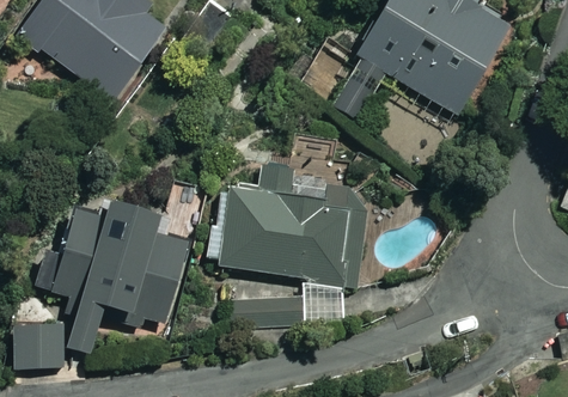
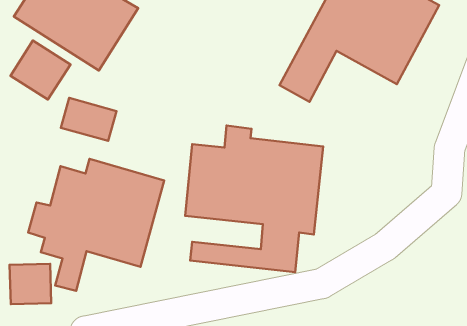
building: none -> [10,41,70,100]
building: none -> [61,98,117,141]

